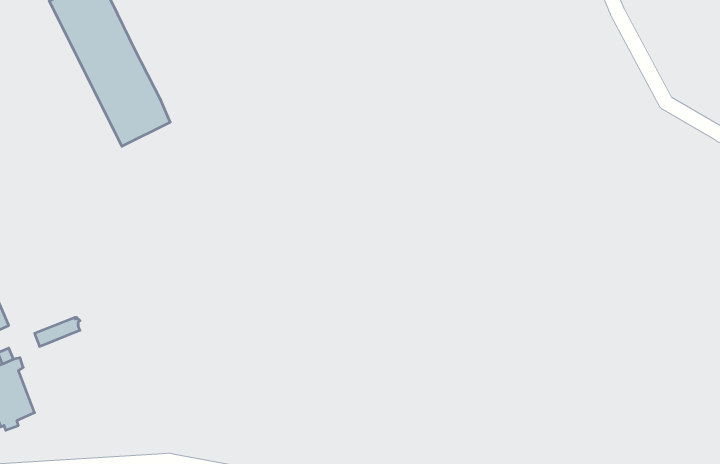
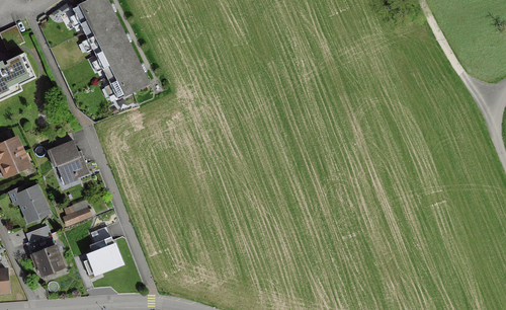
building: none -> [48,140,88,177]
building: none -> [85,243,120,274]

